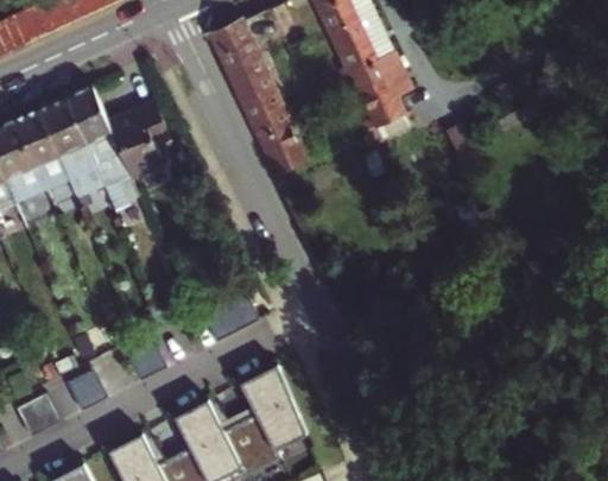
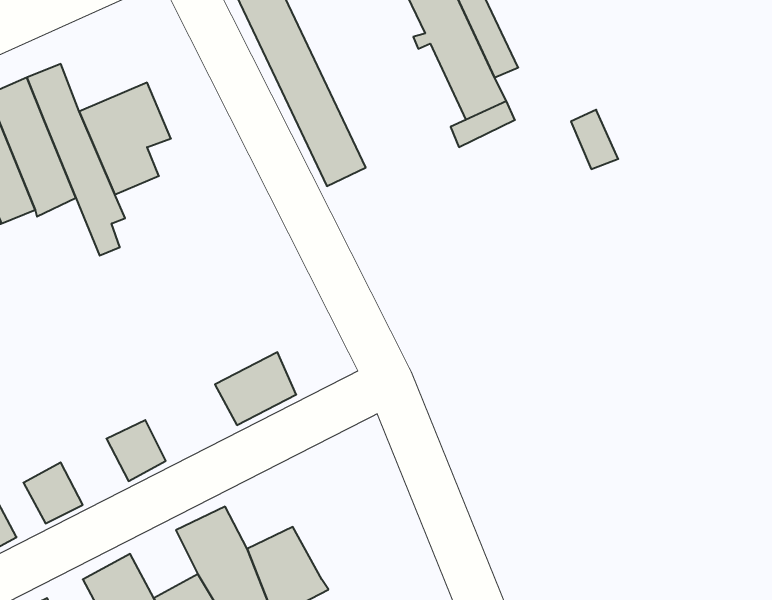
building: [238,363,305,450] -> none

